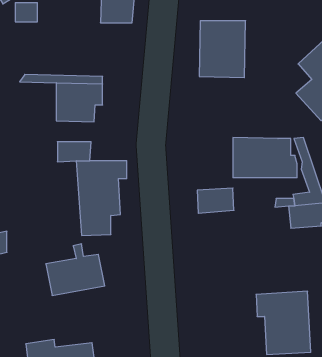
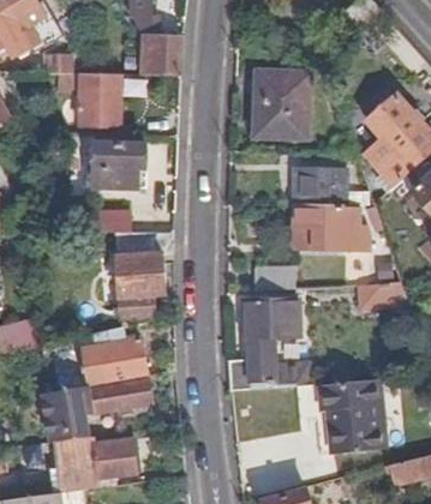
building: none -> [80,73,120,126]
building: none -> [293,170,345,206]
building: none -> [228,296,309,389]
building: none -> [46,374,151,442]

